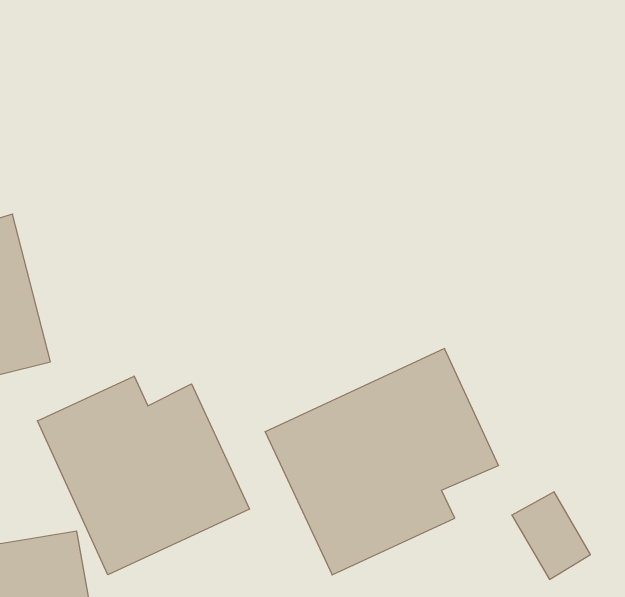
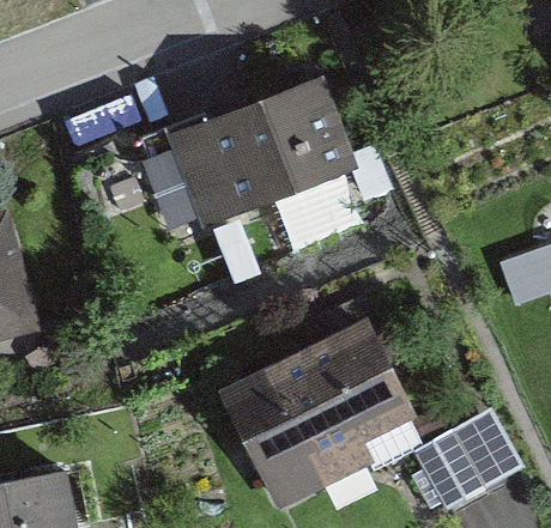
building: none -> [166,78,355,229]
building: [37,376,249,575] -> none

